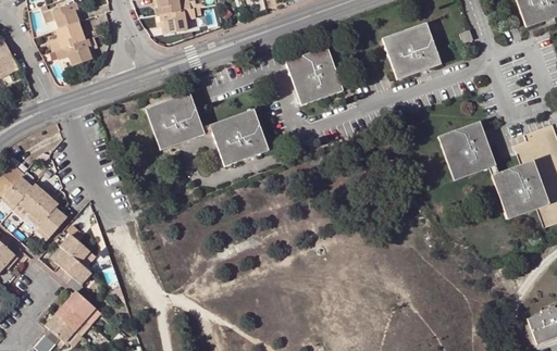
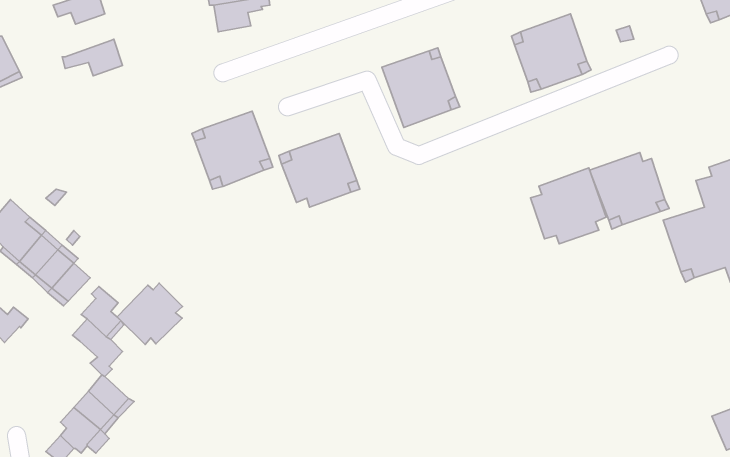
building: [46,24,83,54] -> none
building: none -> [530,168,606,244]
building: none -> [117,283,182,344]

